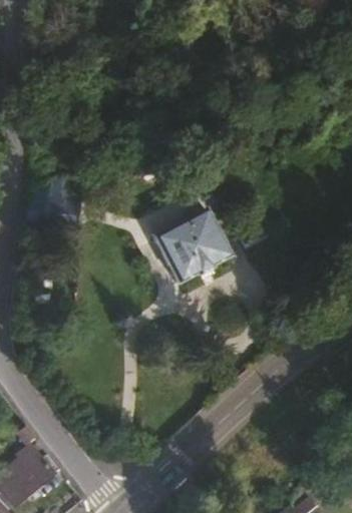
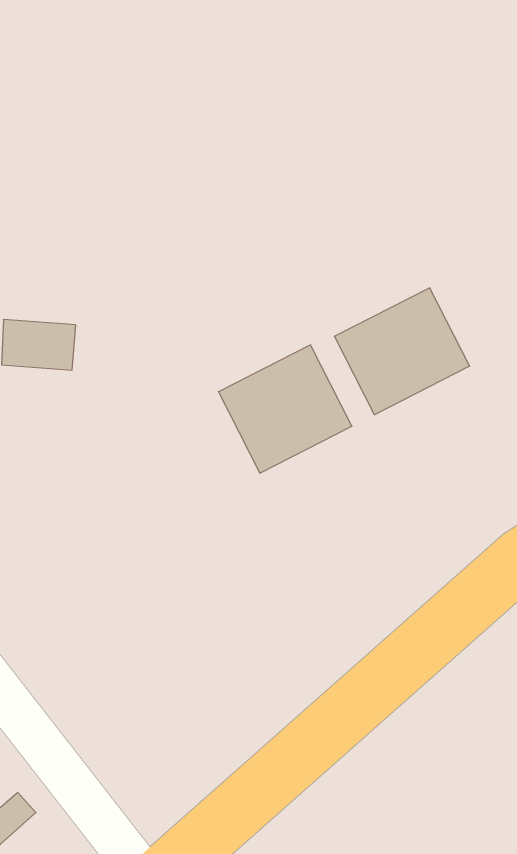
building: none -> [334,288,470,415]

